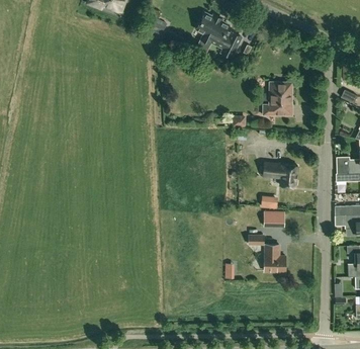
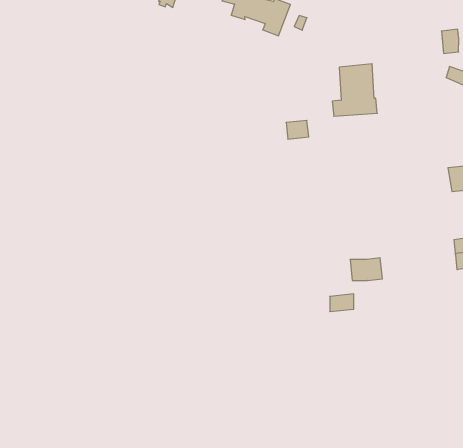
building: [263,163,297,188] -> none
building: [264,245,286,272] -> none

